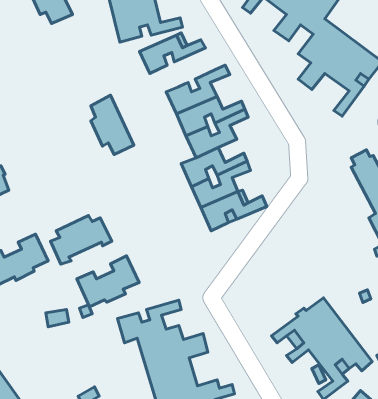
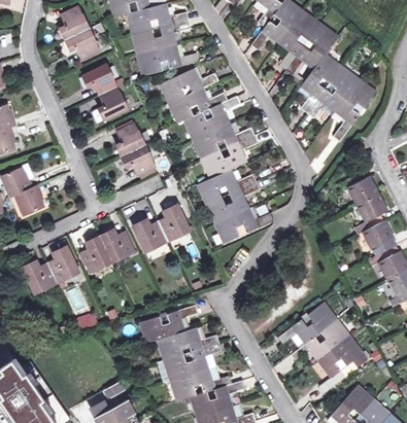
building: none -> [83,64,128,122]
building: none -> [169,80,227,122]
building: [77,256,139,307] -> [133,205,189,250]

